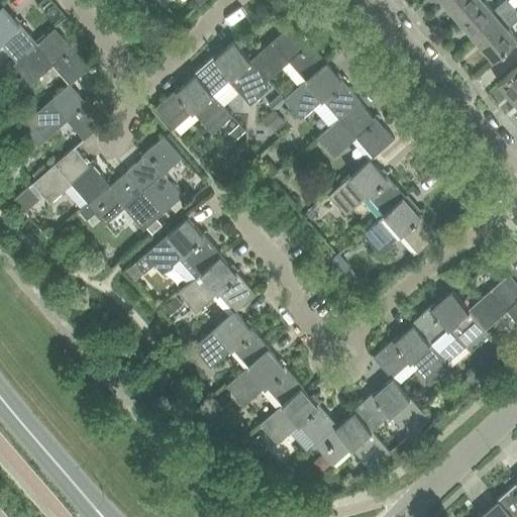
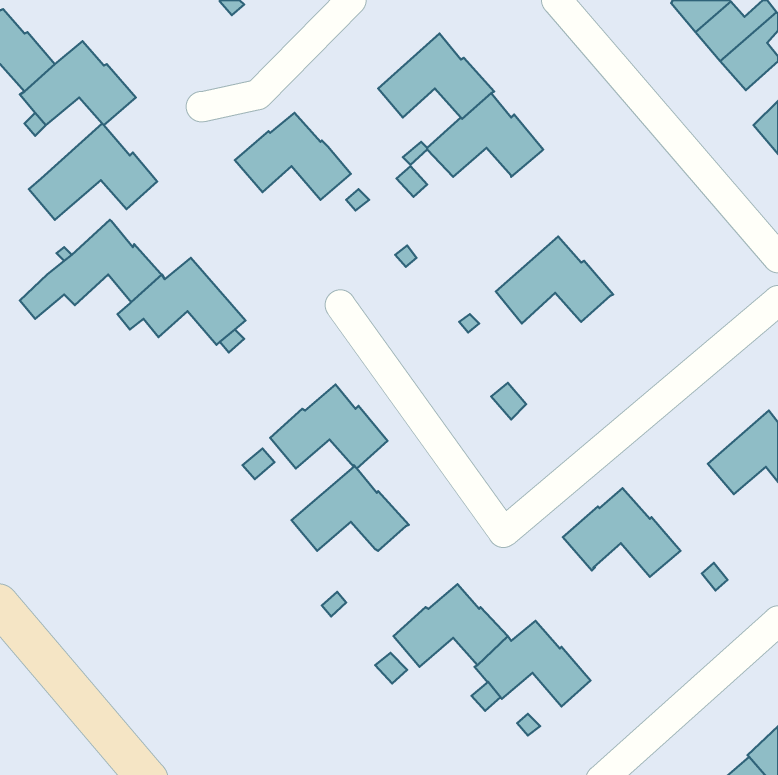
building: [194,43,271,101] -> none
building: [316,103,394,159] -> none
building: [126,137,182,215] -> none
building: [363,199,439,254] -> none
building: [133,218,223,276] -> none
building: [411,292,489,368] -> none
building: [226,351,304,406] -> none
building: [352,379,429,437] -> none

